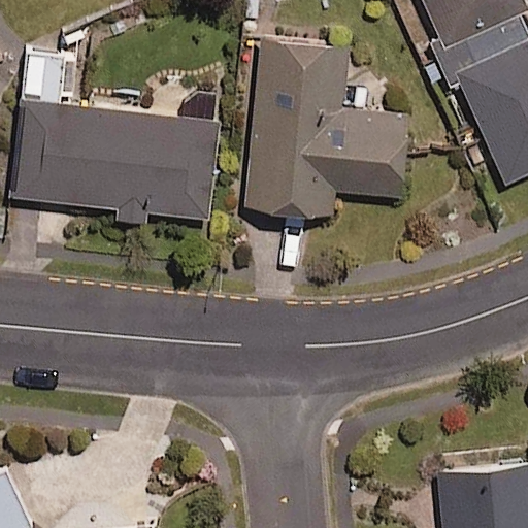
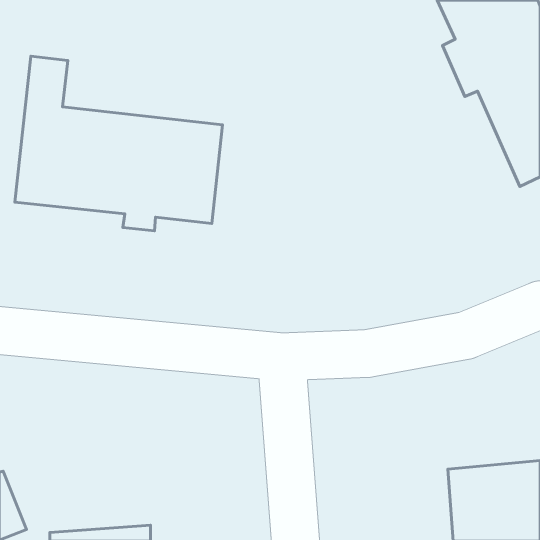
building: [250,45,406,218] -> none

